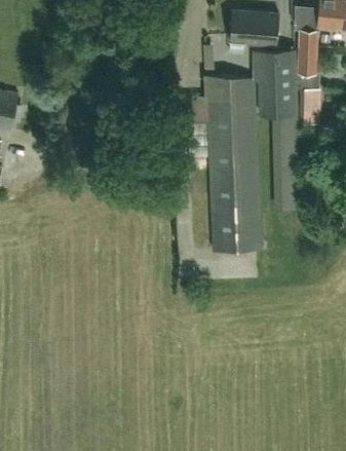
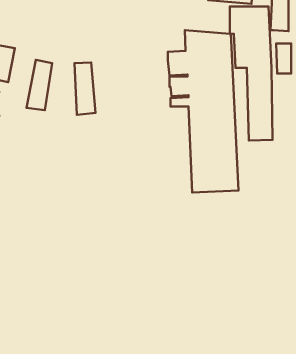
building: none -> [26,60,52,110]
building: none -> [74,62,96,115]

